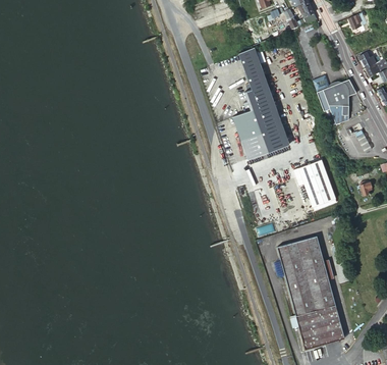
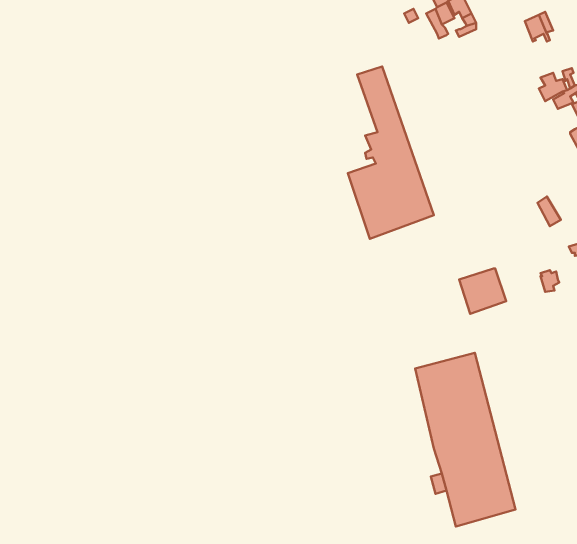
building: [324,80,356,124] -> none
building: [298,161,329,189] -> none

